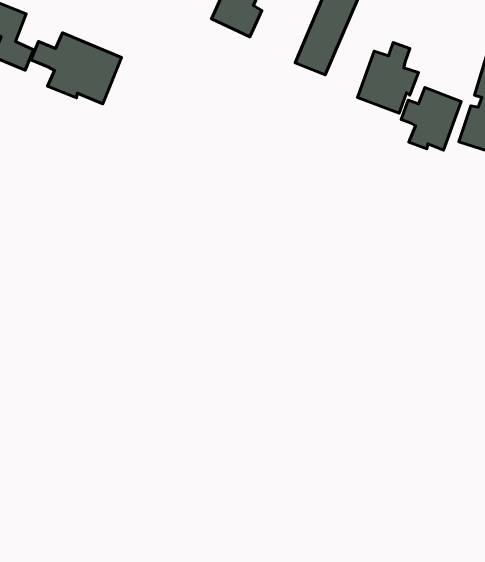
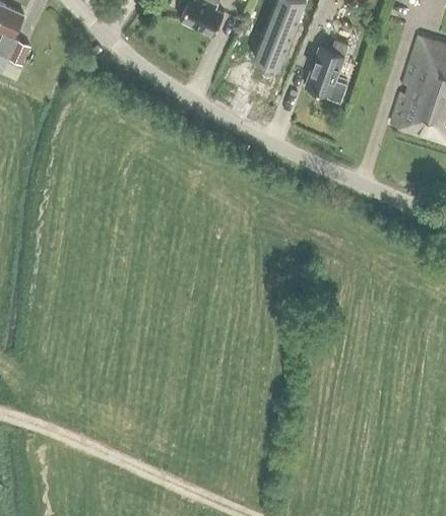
building: [31,33,122,104] -> none
building: [401,88,461,150] -> none

